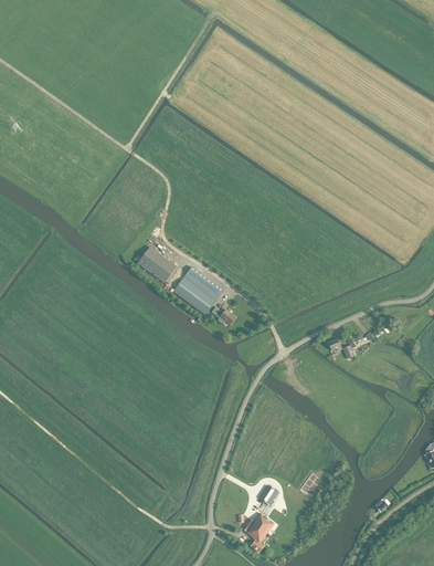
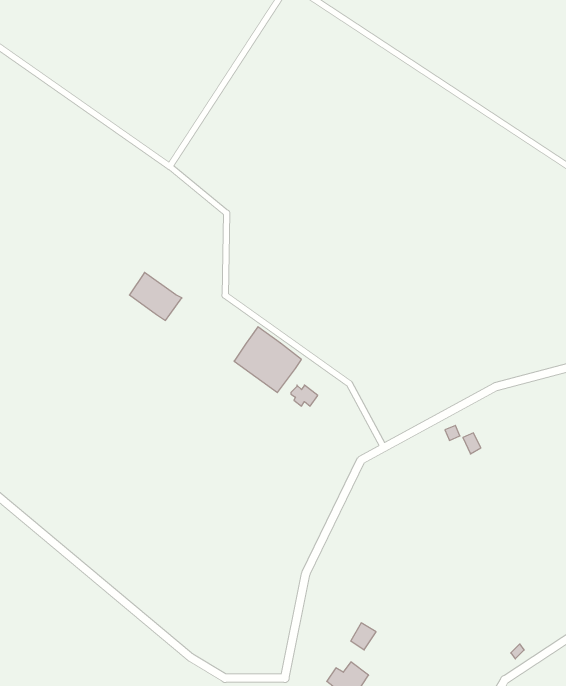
building: [138,248,177,283] -> [129,272,182,320]

